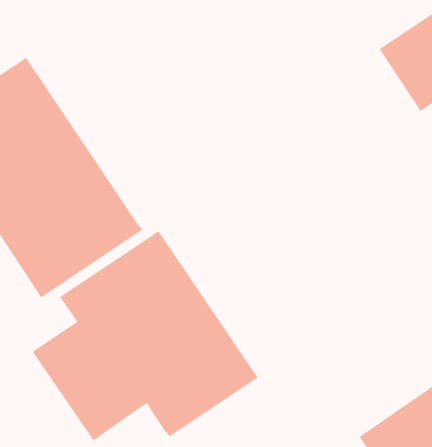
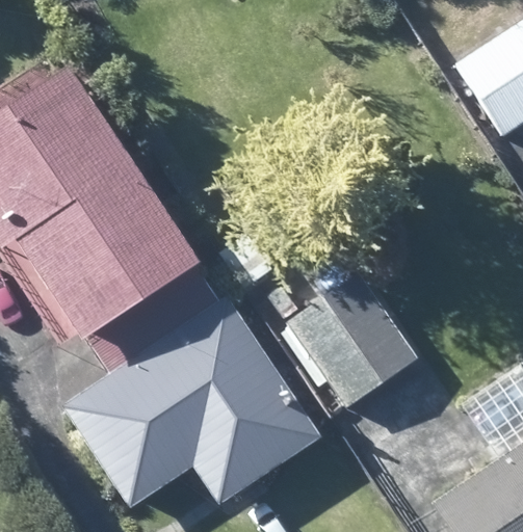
building: none -> [292,272,419,401]

